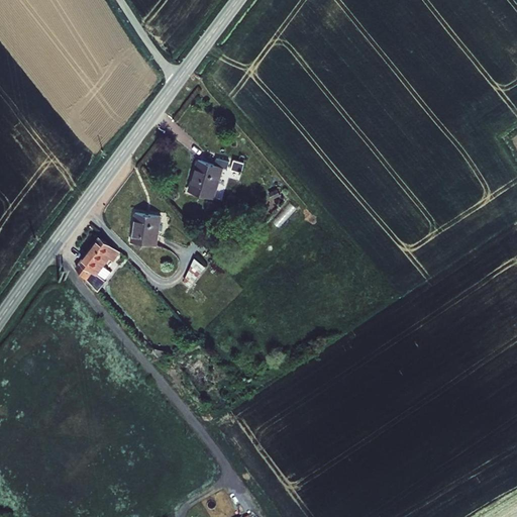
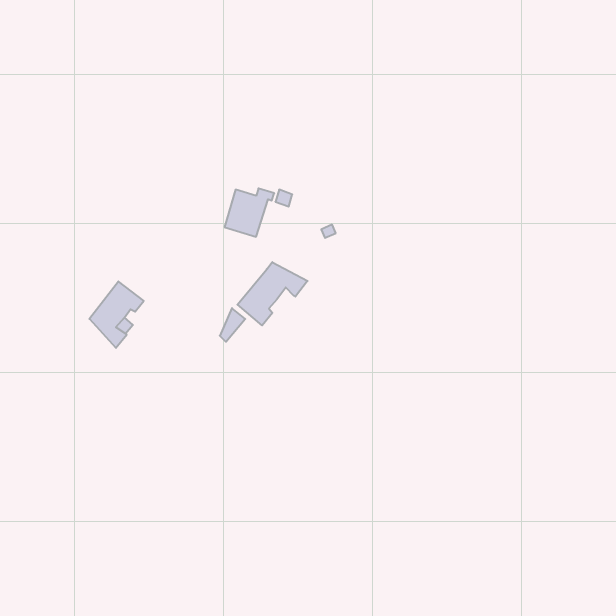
building: [130,212,161,246] -> none
building: none -> [237,262,308,325]

